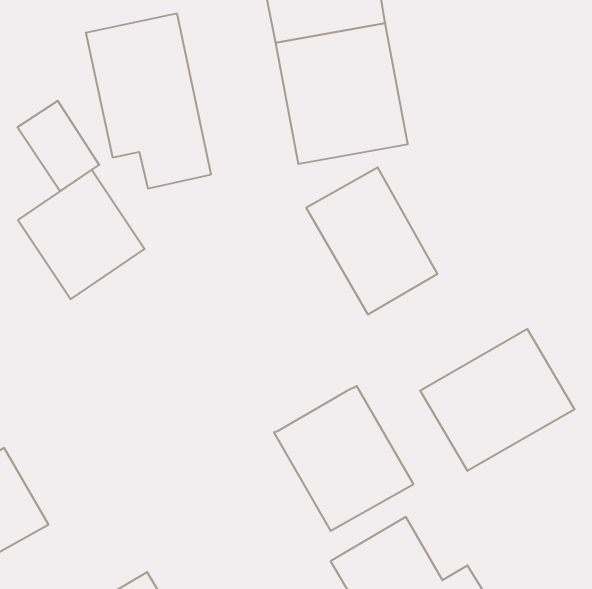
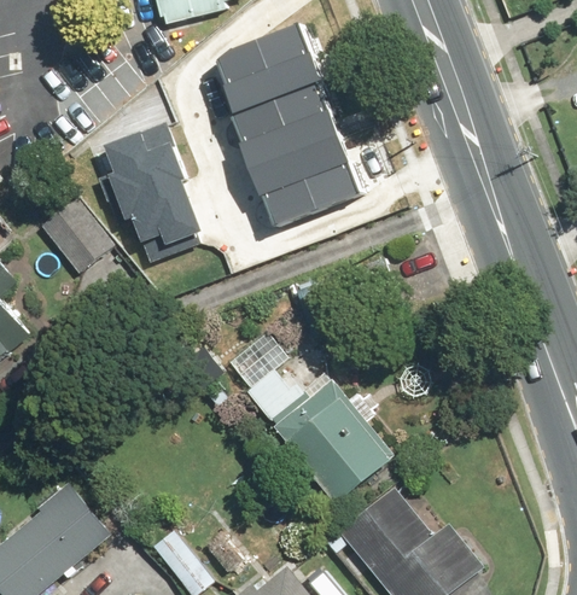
building: [306,167,438,314] -> [223,321,334,438]
building: [18,170,145,299] -> none
building: [420,329,575,471] -> none

